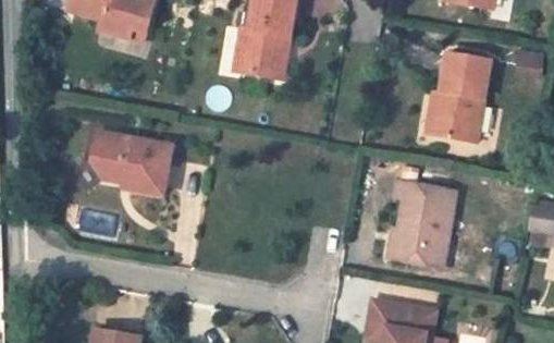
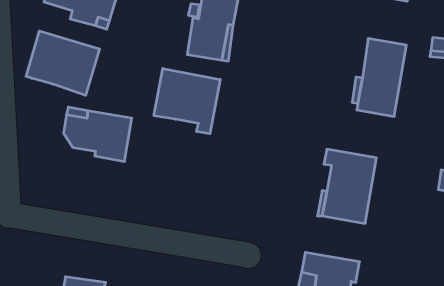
building: none -> [26,31,100,95]
building: none -> [154,68,220,134]

